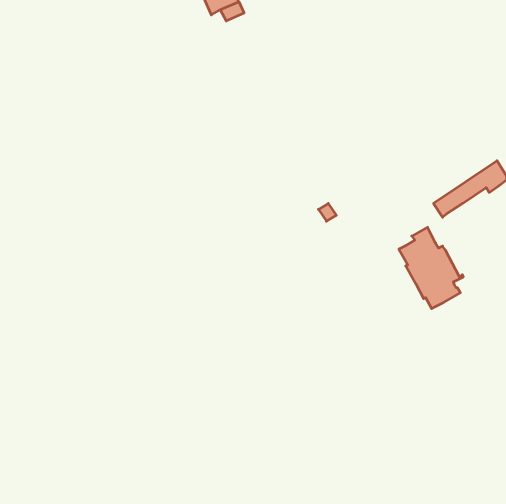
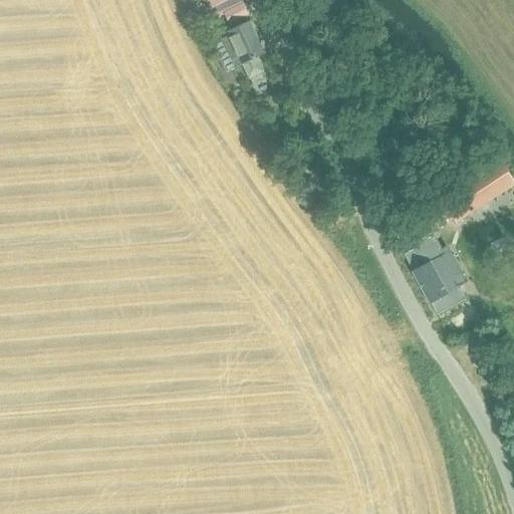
building: none -> [214,19,266,74]

